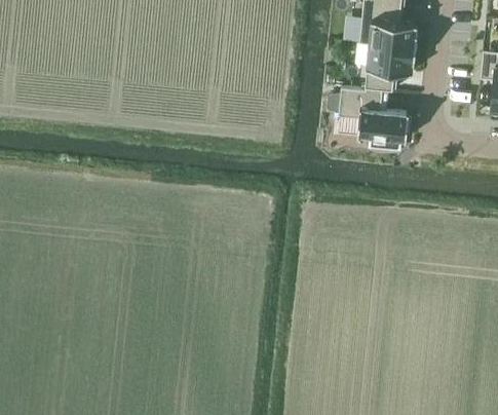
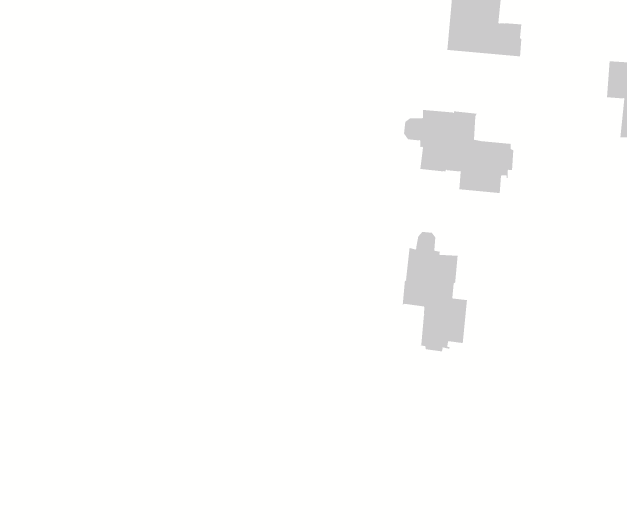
building: [359,42,416,91] -> none
building: none -> [402,231,468,352]

